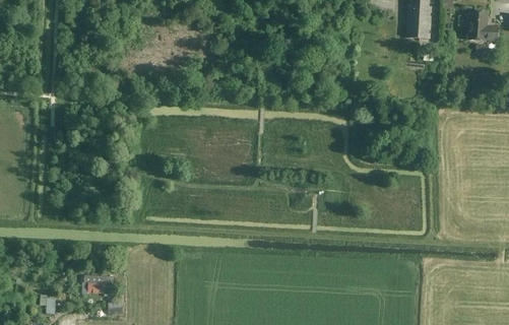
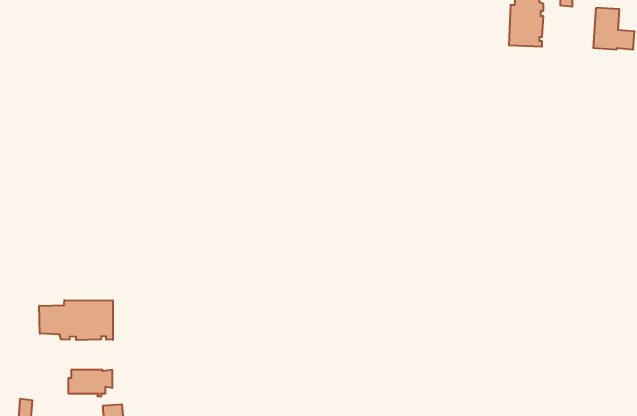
building: none -> [39,300,113,340]

